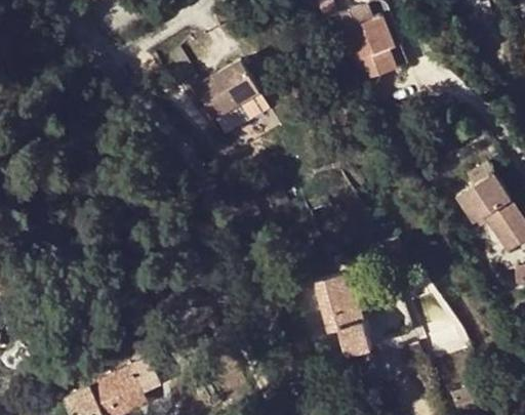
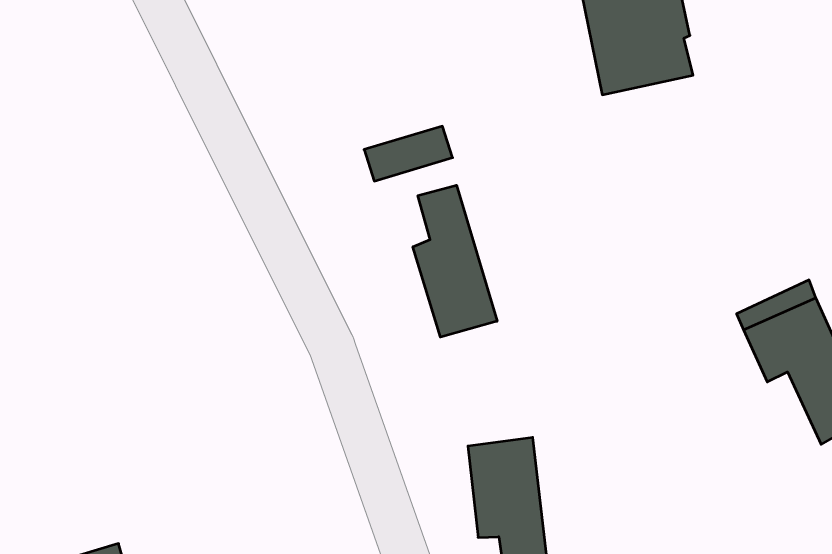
building: [190,63,255,120] -> none
building: none -> [413,185,497,337]

